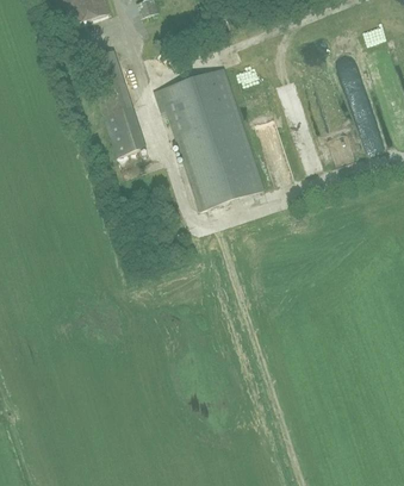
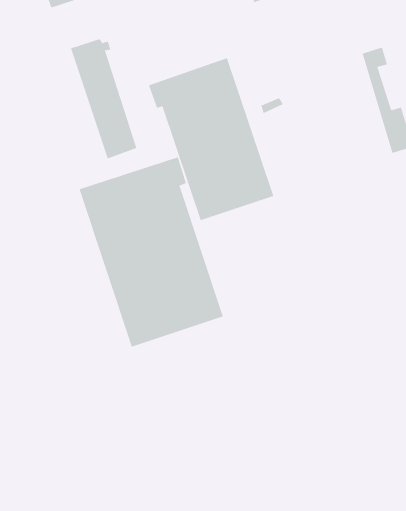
building: none -> [79,157,223,348]

